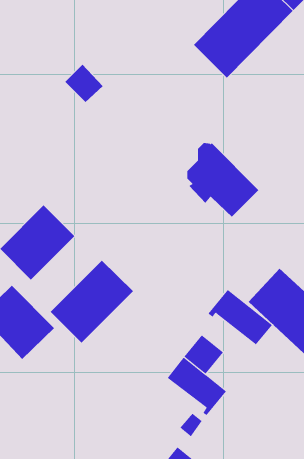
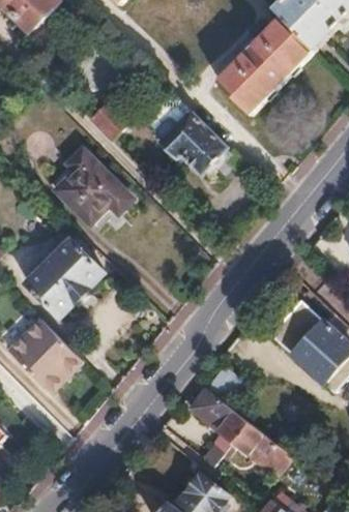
building: none -> [53,147,128,220]
building: [186,142,259,218] -> [154,98,226,172]
building: [50,260,134,343] -> none
building: [208,289,273,345] -> [229,421,293,476]

